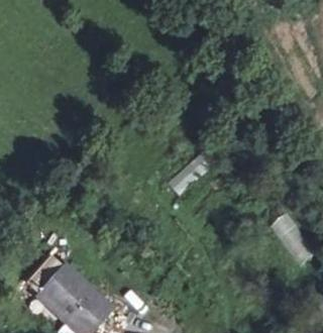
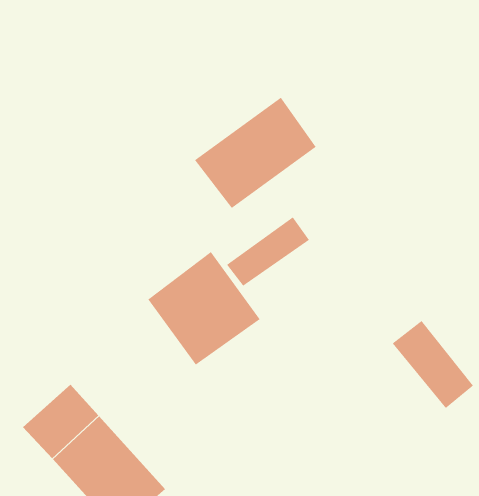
building: none -> [194,97,316,209]
building: none -> [148,251,260,366]

